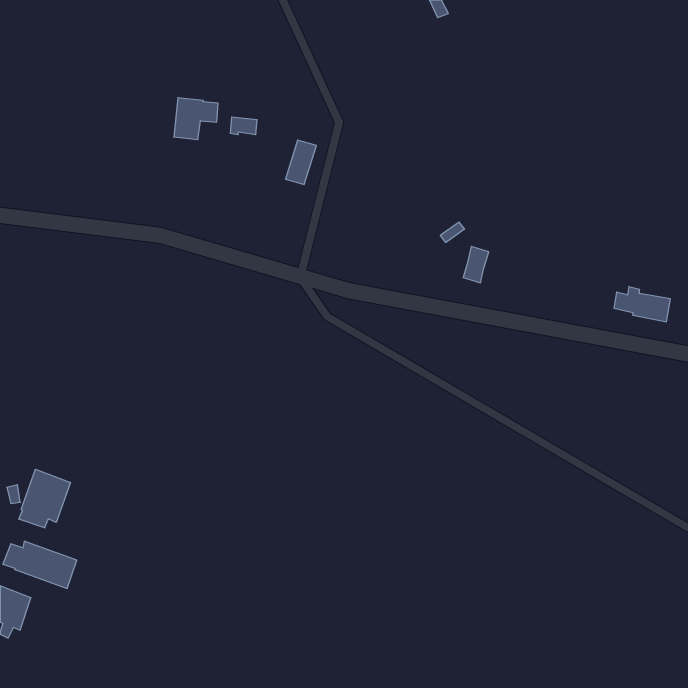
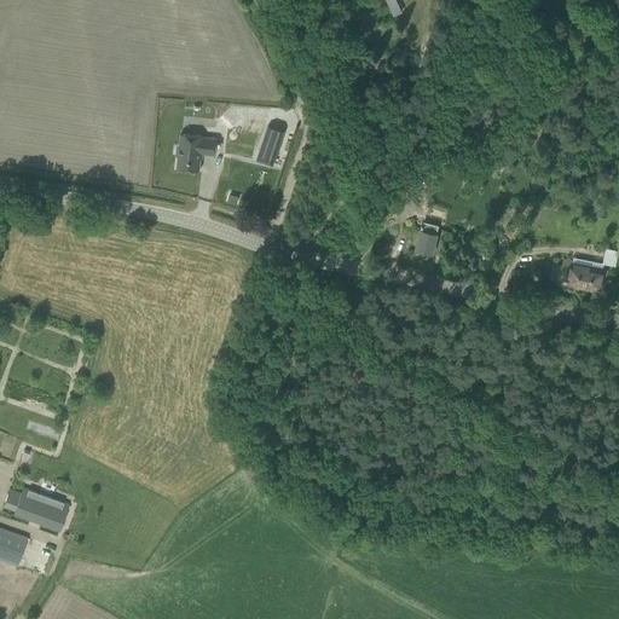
building: [174,98,218,140] -> [177,133,216,170]
building: [19,469,70,528] -> none

